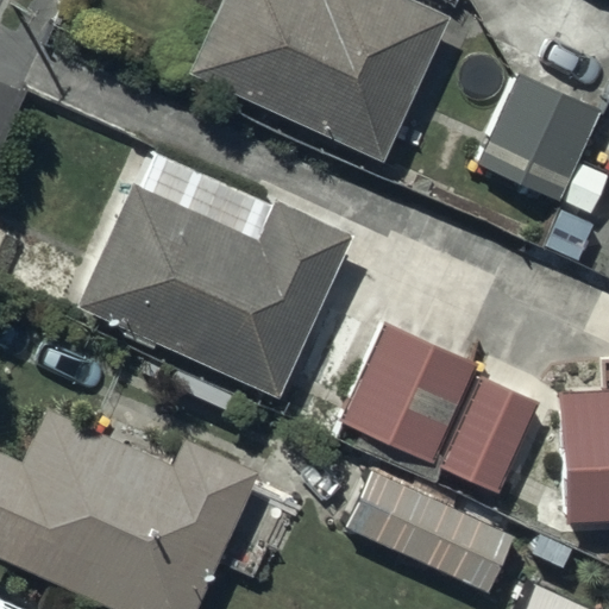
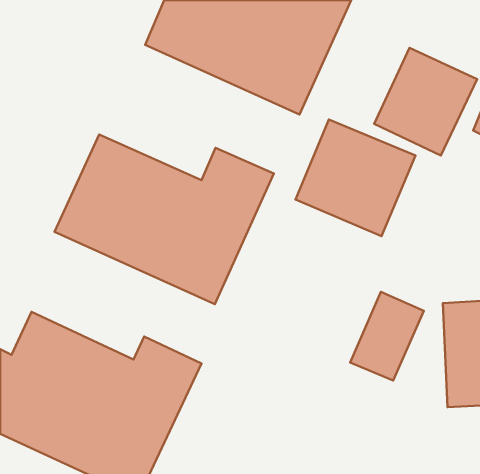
building: none -> [295,120,416,236]
building: [343,321,478,463] -> none
building: [344,467,515,599] -> none

